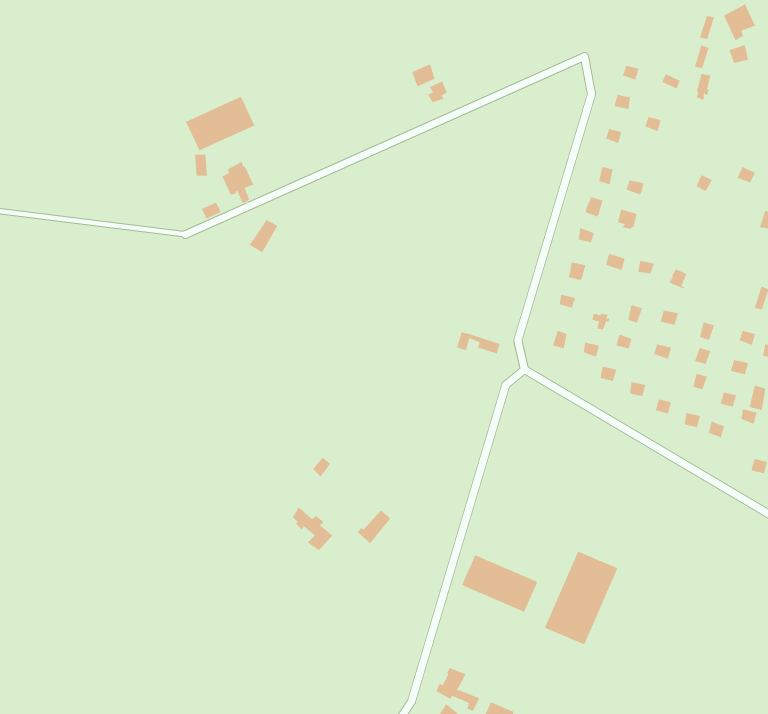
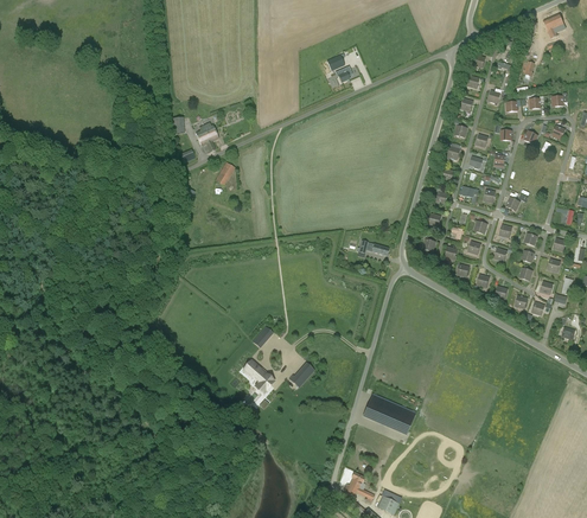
building: [185,96,255,151] -> none
building: [544,551,618,645] -> none

